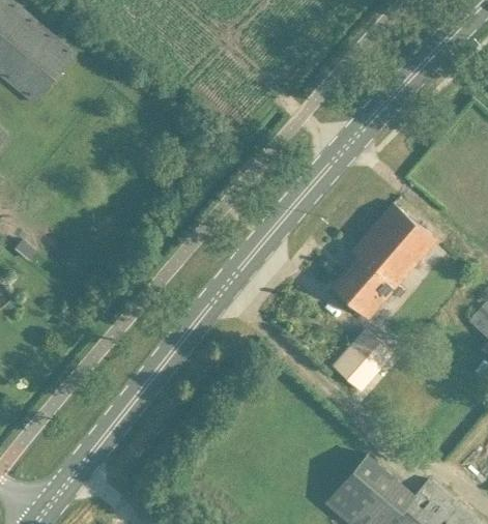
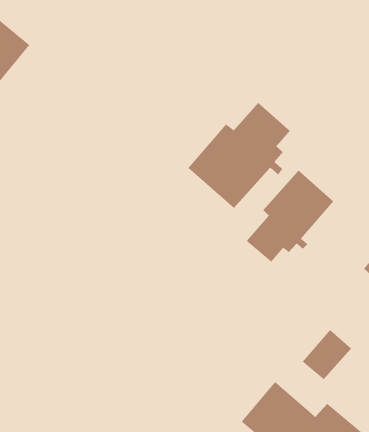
building: none -> [188,102,291,209]
building: [334,329,393,389] -> [302,329,352,380]

